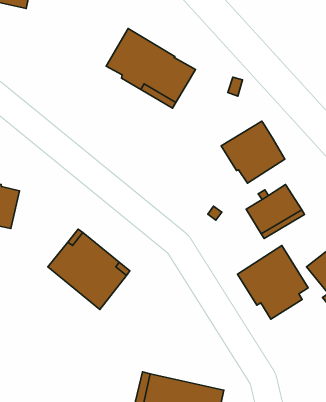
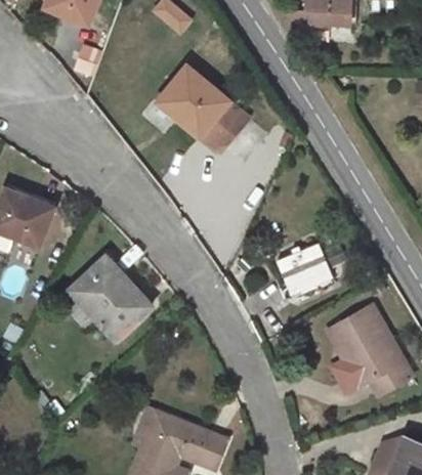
building: [221,121,285,183] -> none
building: [237,245,308,319] -> none

